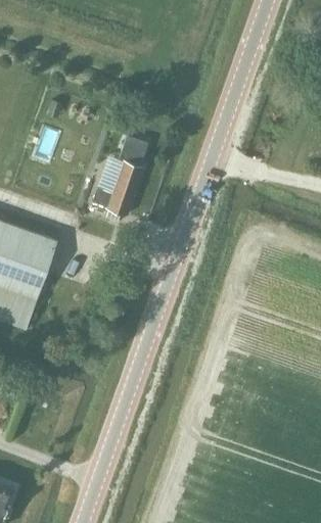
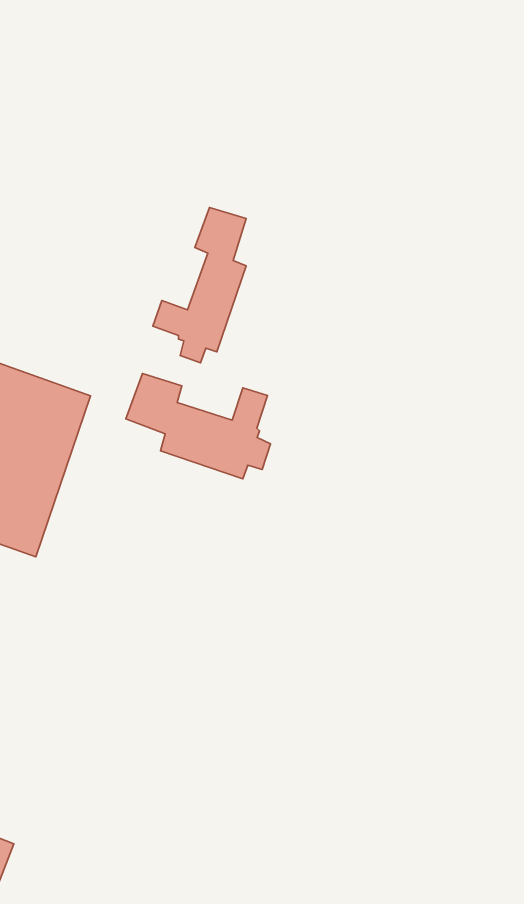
building: none -> [126,374,270,479]

